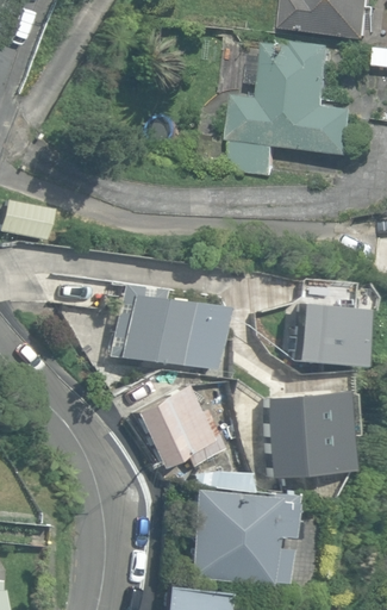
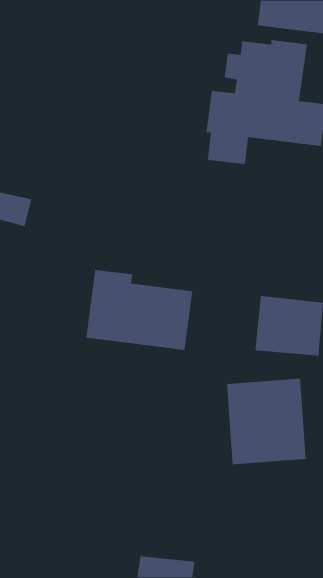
building: [127,384,220,467] -> none
building: [168,471,287,581] -> none

